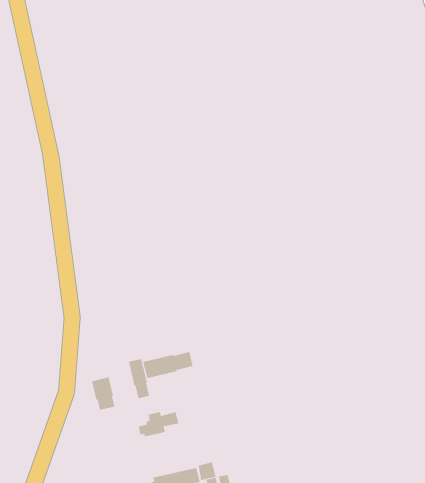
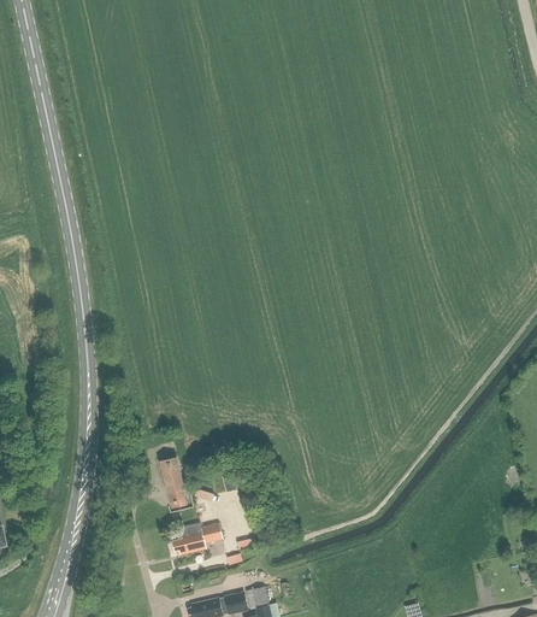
building: [143,351,193,379] -> none
building: [91,376,115,411] -> none

